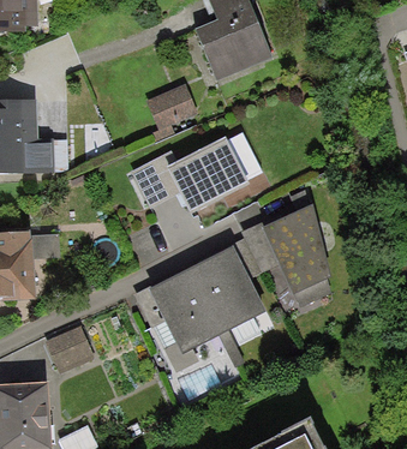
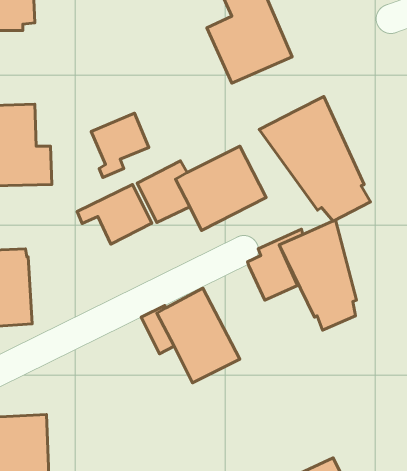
building: [144,82,197,140] -> [91,113,149,178]
building: none -> [259,97,371,221]
building: none -> [77,184,152,244]
building: [191,246,265,331] -> none
building: [46,324,95,372] -> none

